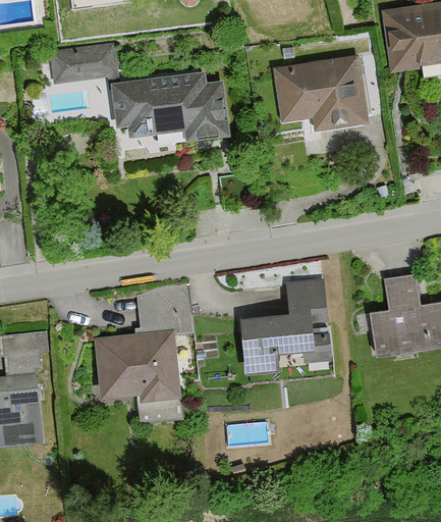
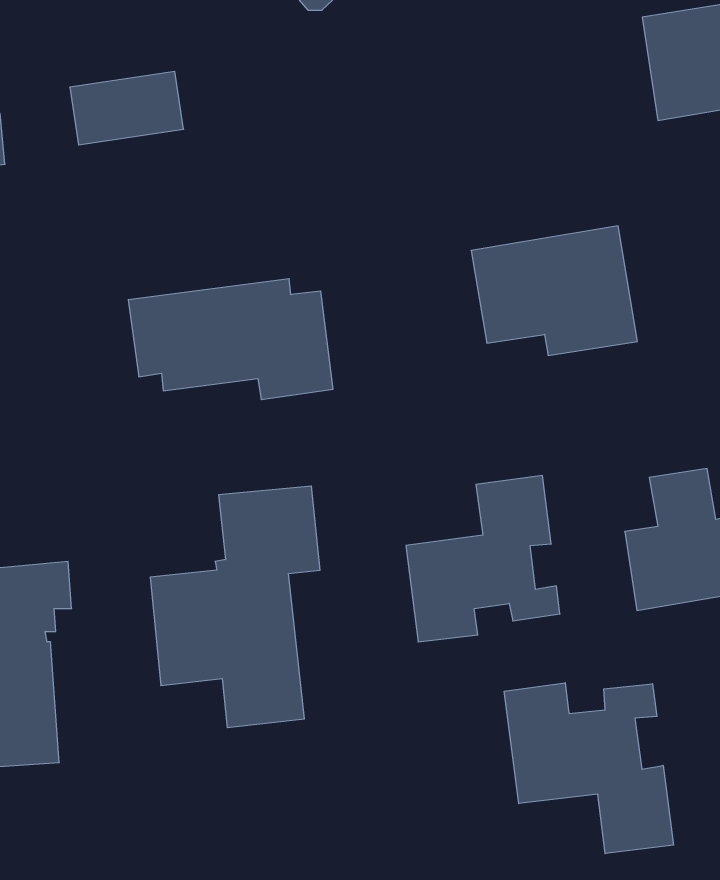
building: [274,53,371,128] -> [471,226,637,355]
building: [111,72,230,143] -> [128,279,333,400]
building: none -> [504,683,673,854]

